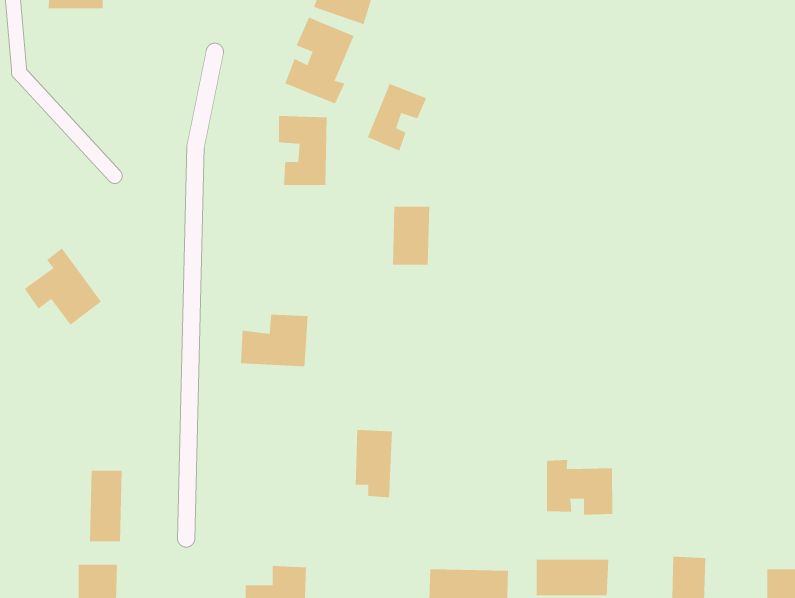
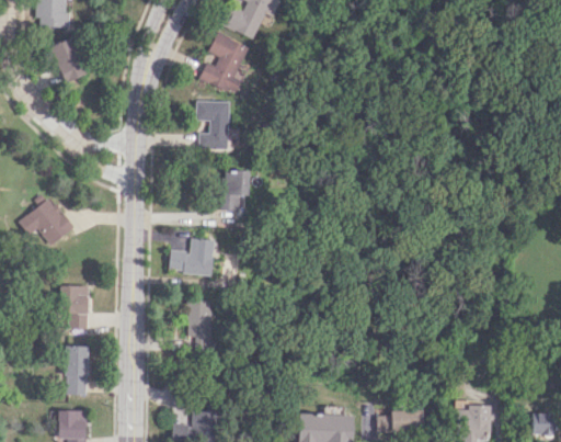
building: none -> [50,37,89,82]
building: [367,83,427,151] -> none
building: [392,206,430,265] -> [221,170,248,211]
building: none -> [64,285,89,329]
building: [355,429,393,498] -> [186,301,213,348]
building: [547,459,613,515] -> none

